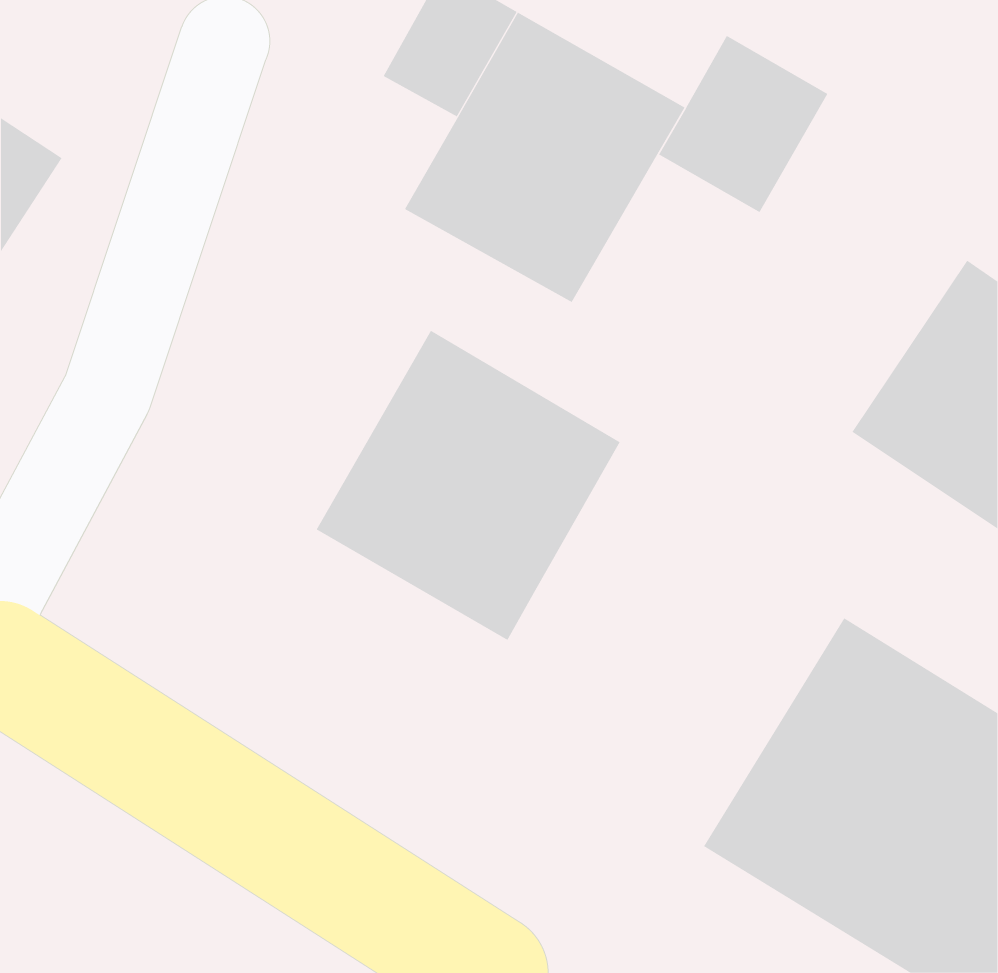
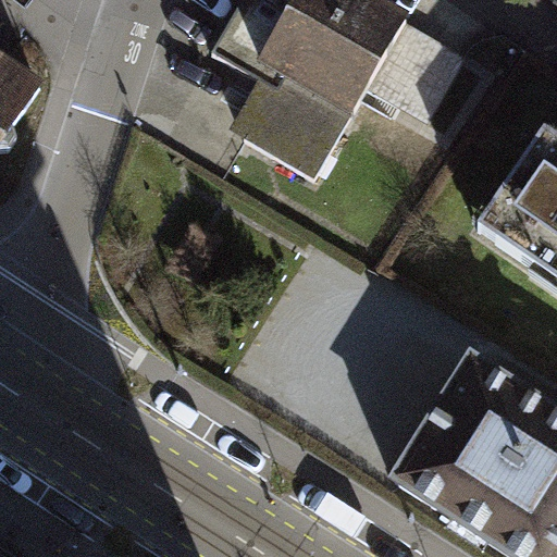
building: [316,330,620,641] -> none

